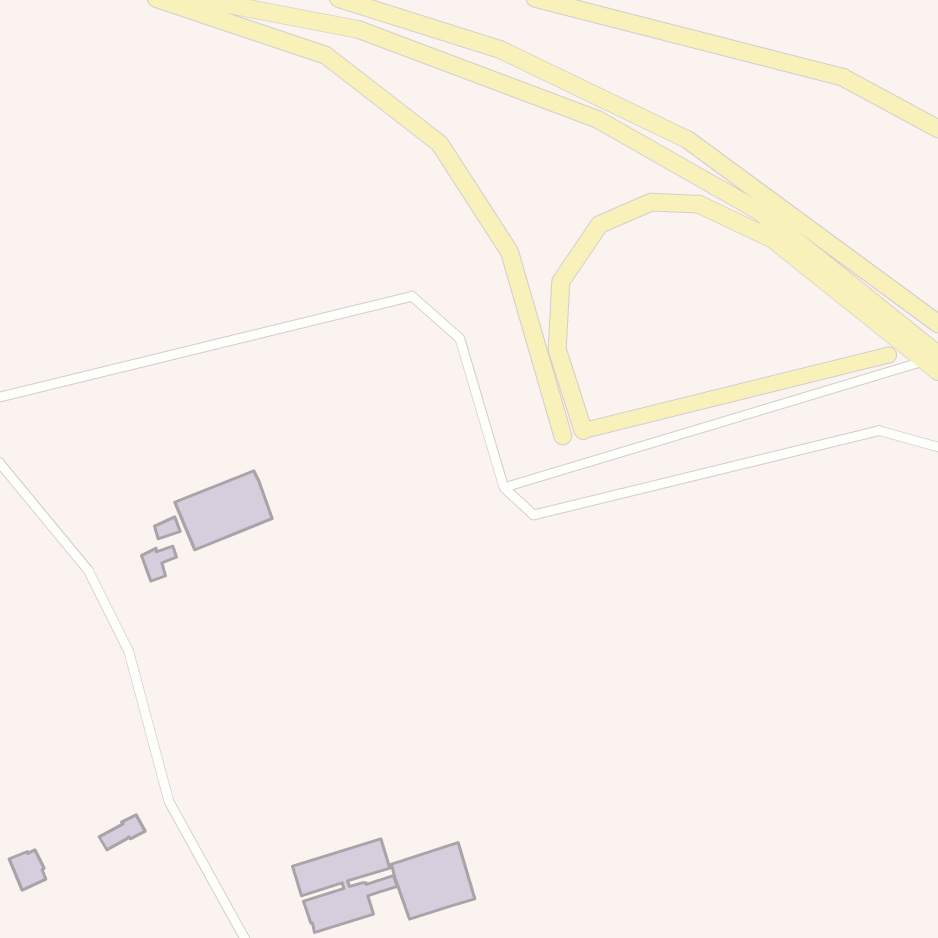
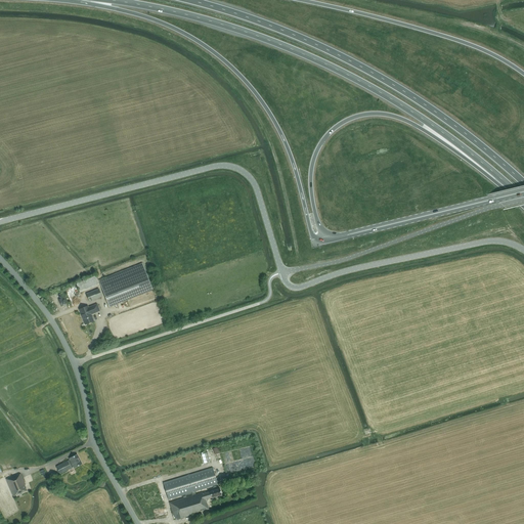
building: [391,842,475,919] -> none

